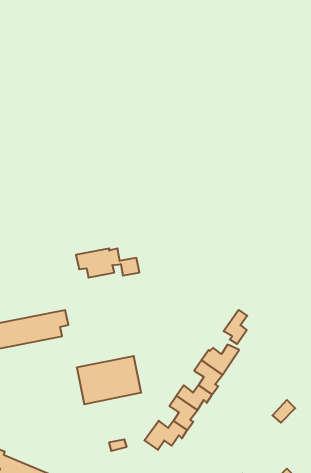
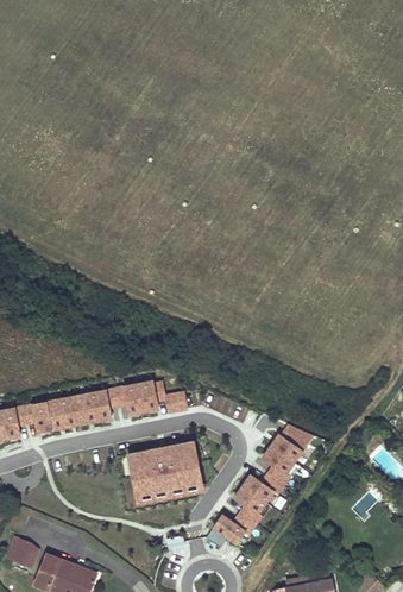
building: [76,248,139,278] -> [114,382,187,415]
building: [224,310,247,344] -> none

